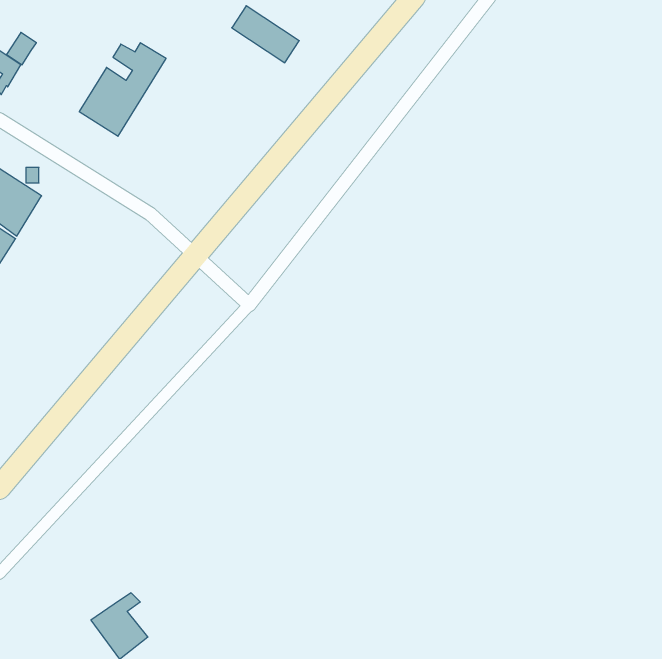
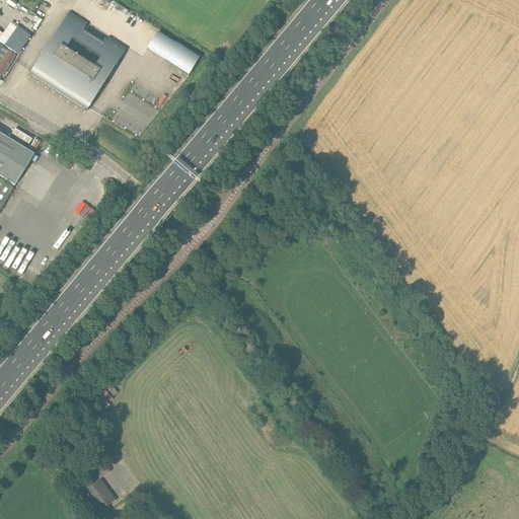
building: [232,6,299,63] -> [147,28,200,73]
building: none -> [31,9,94,87]

